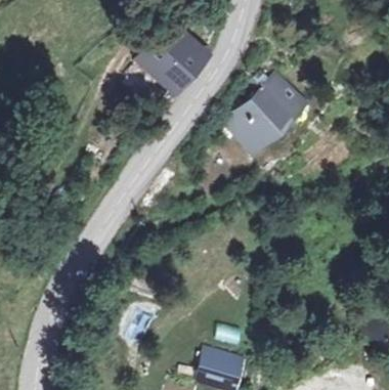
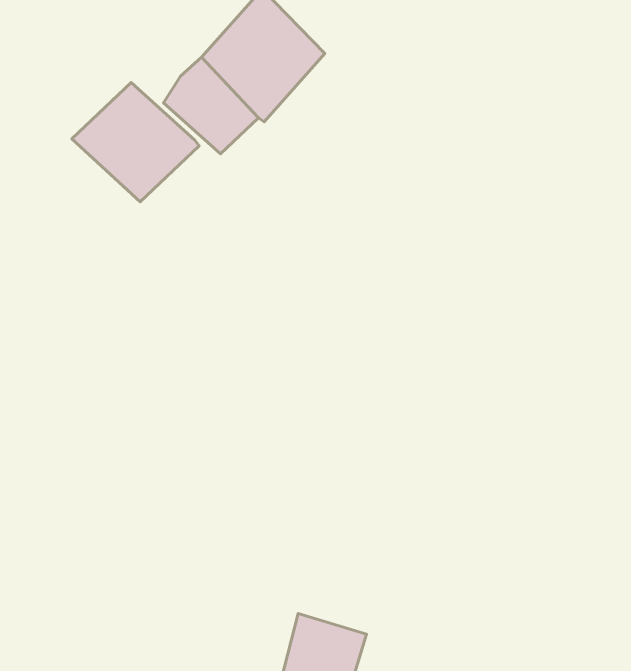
building: none -> [72,83,199,202]
building: [233,69,309,144] -> none

